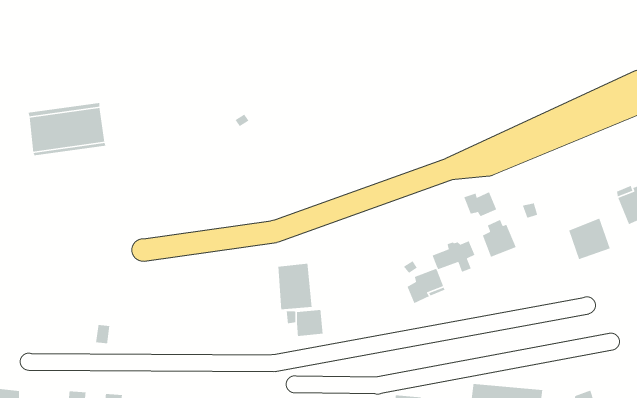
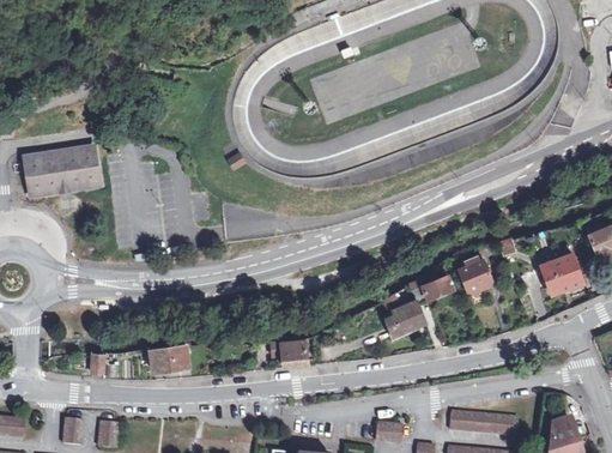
building: [463,191,497,217] -> none
building: [278,263,313,310] -> none
building: none -> [151,343,190,369]

